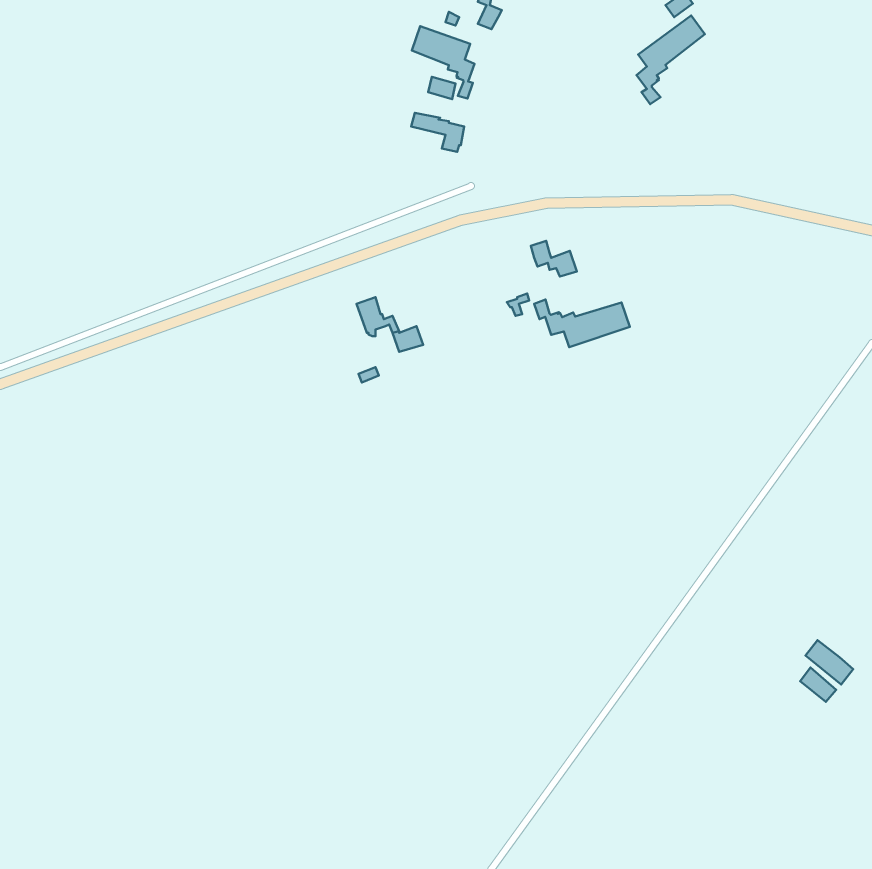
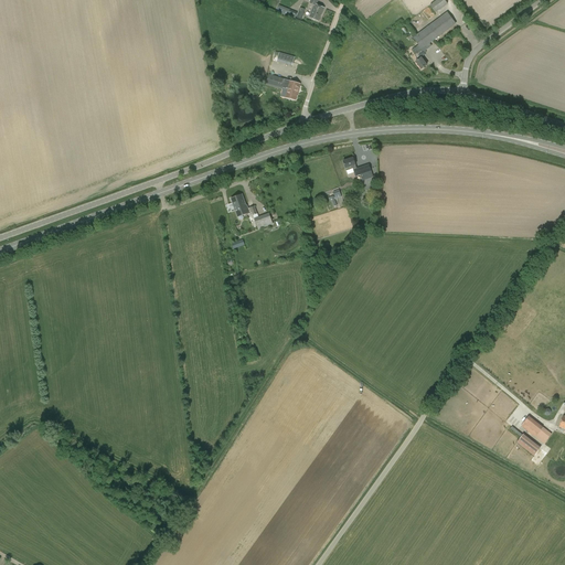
building: [412,26,474,98] -> none
building: [534,299,630,347] -> none

